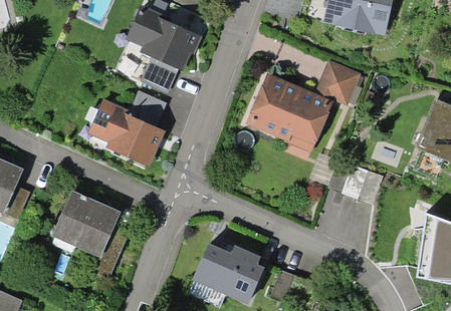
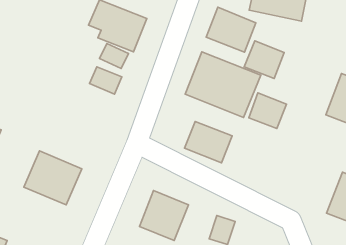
building: none -> [206,7,256,52]
building: [85,99,167,167] -> none
building: none -> [249,93,286,128]
building: none -> [184,121,232,163]

